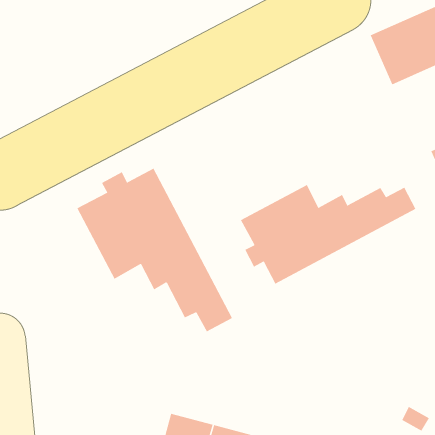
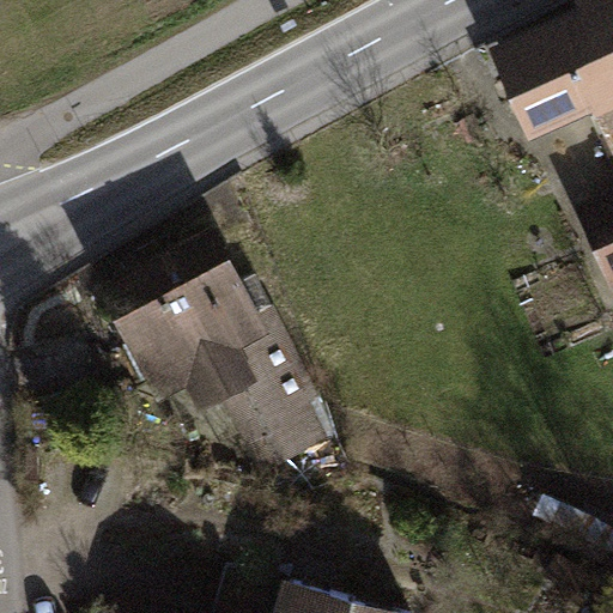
building: [240,184,416,284] -> none

